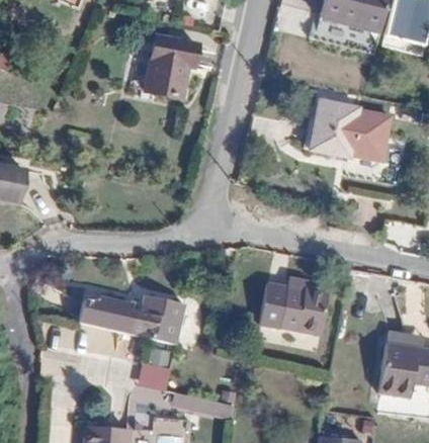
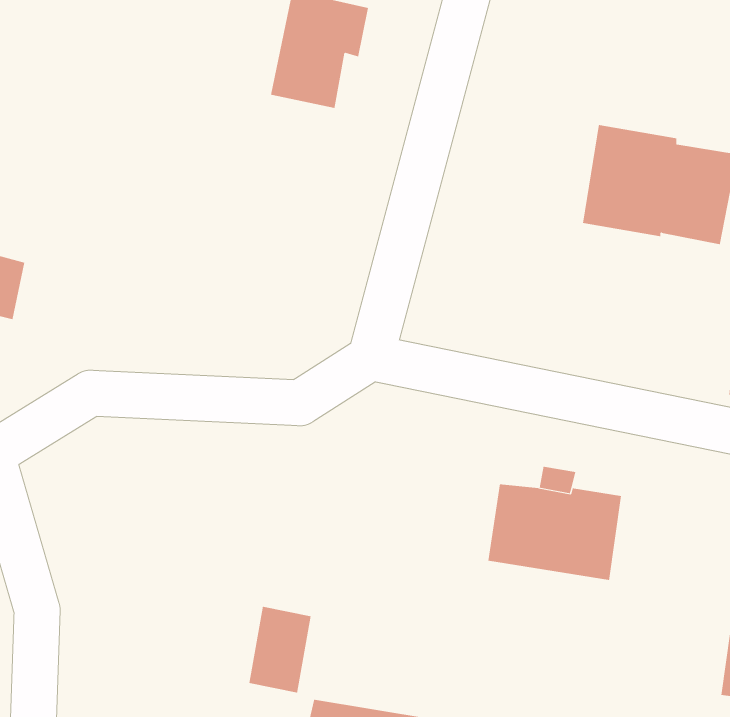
building: [81,294,187,345] -> none

